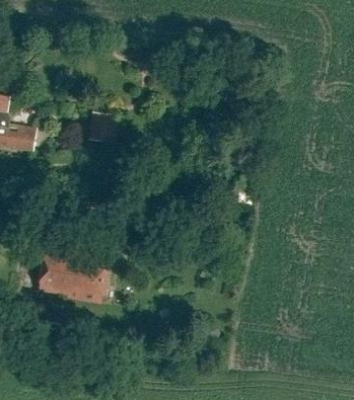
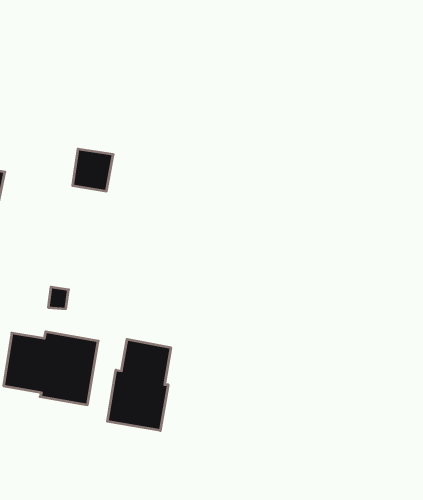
building: none -> [107,339,171,431]

